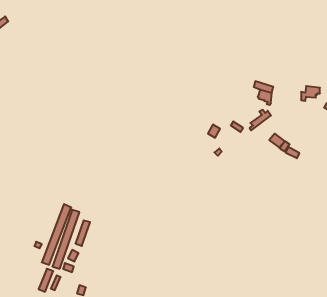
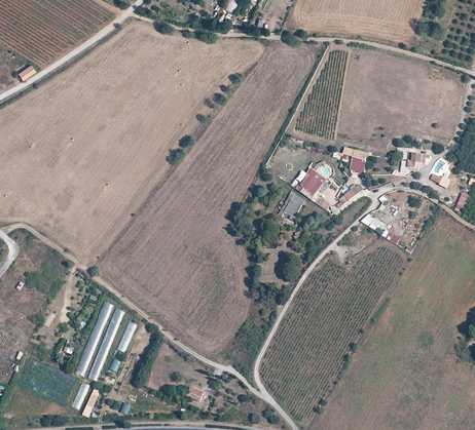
building: none -> [294,167,321,198]

